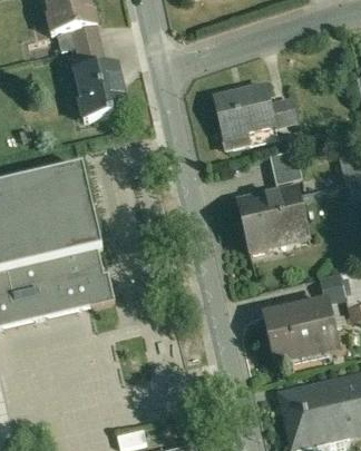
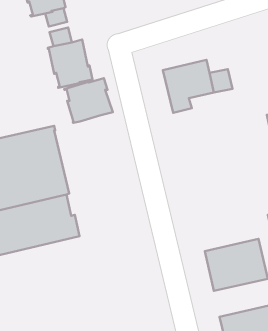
building: none -> [64,78,113,123]
building: [267,148,301,184] -> none
building: [237,184,310,254] -> none

